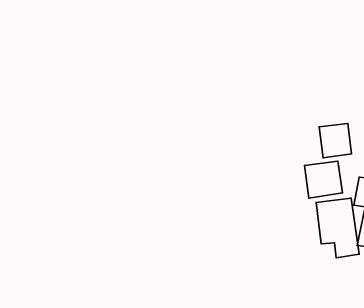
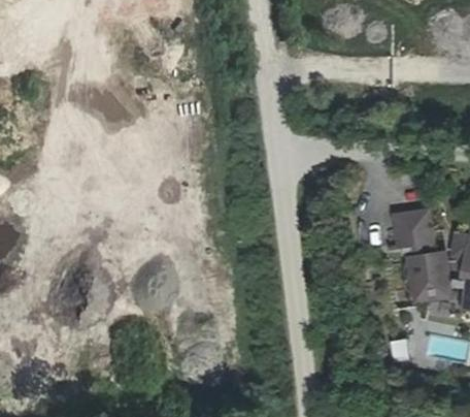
building: [319,124,352,158] -> none

